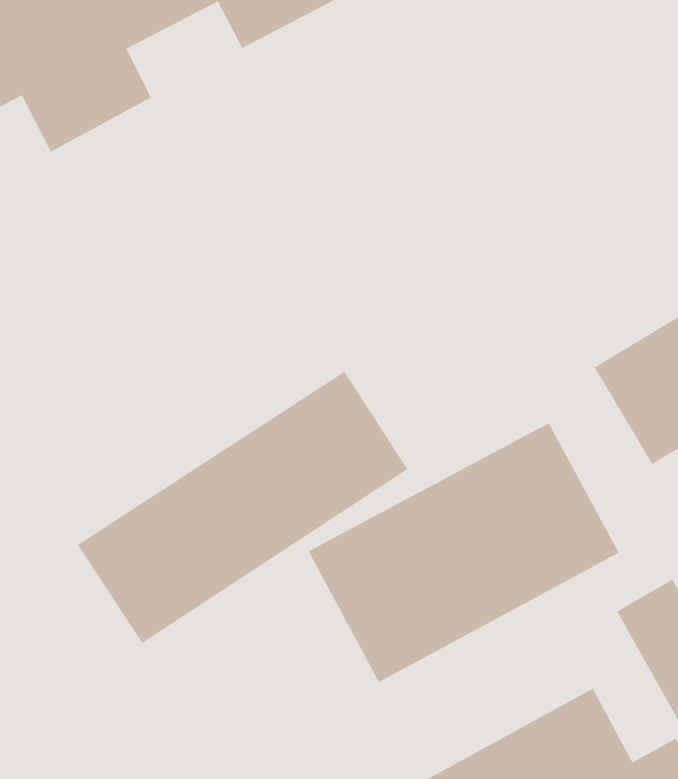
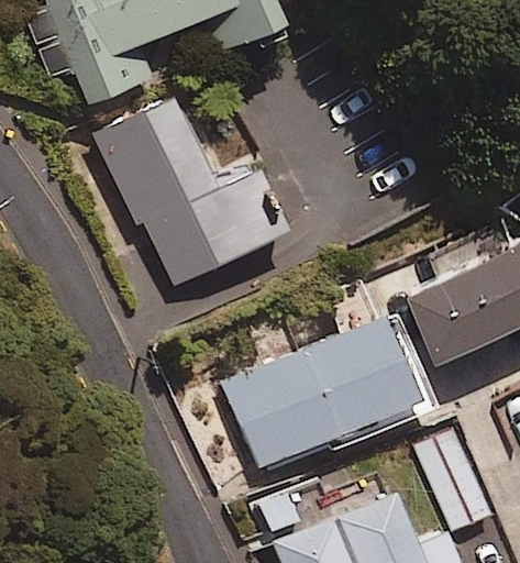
building: none -> [99,97,284,286]
building: [77,371,408,644] -> none

